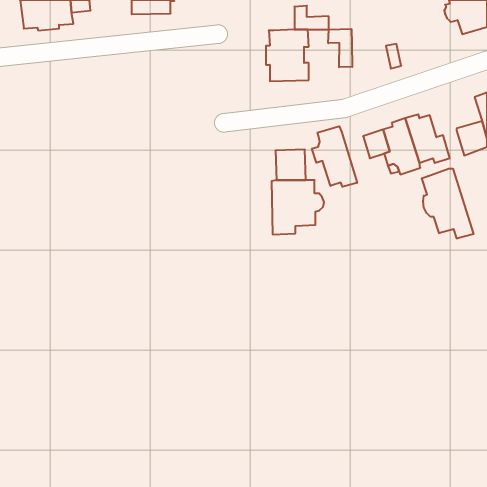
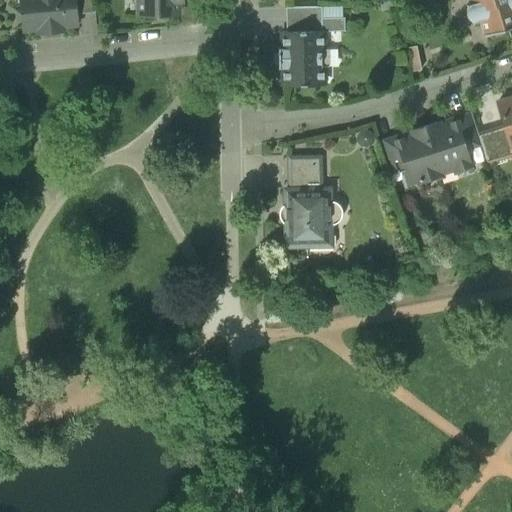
building: none -> [286,7,309,32]
building: [328,29,352,67] -> none
building: none -> [451,114,479,144]
building: [312,126,357,187] -> none
building: [422,169,474,239] -> none

